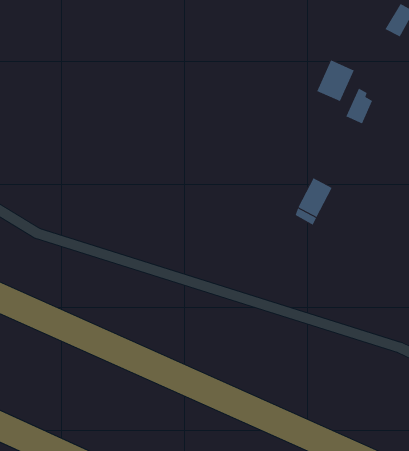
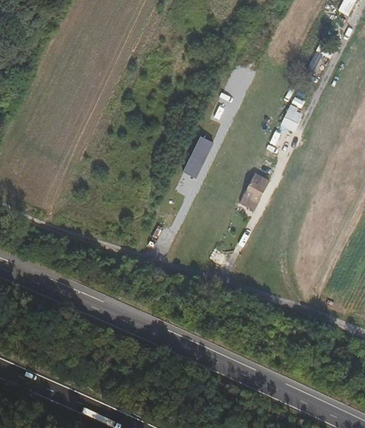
building: [316,60,354,102] -> none
building: none -> [185,129,216,172]

